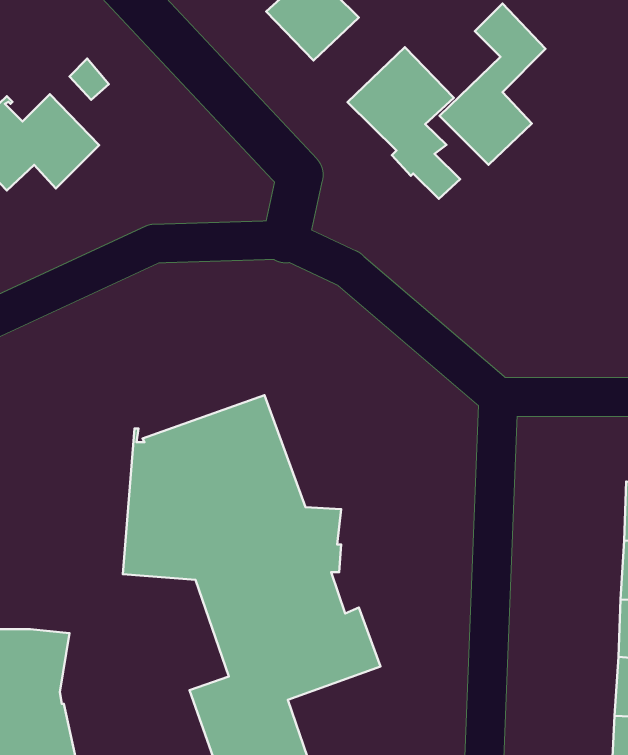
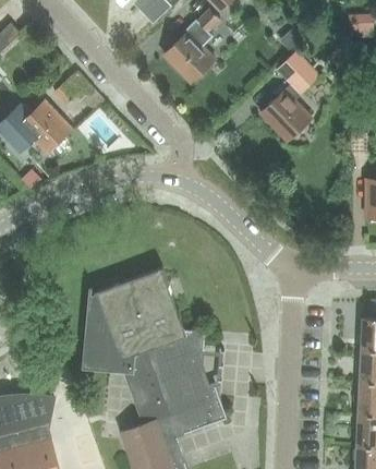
building: [348,47,460,199] -> none

